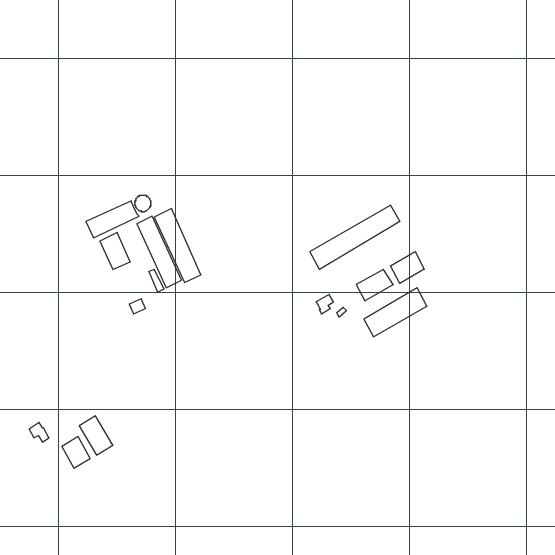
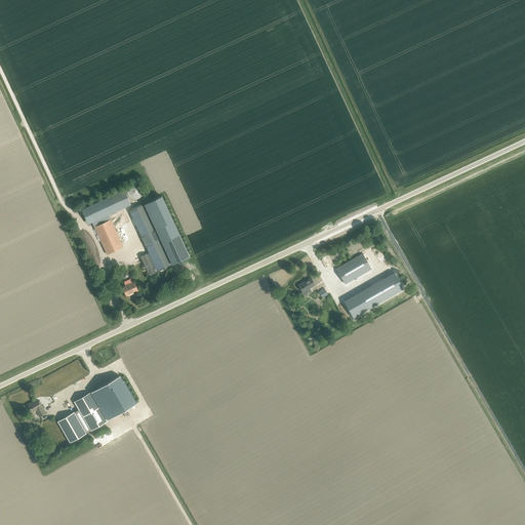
building: [310,205,400,269] -> none
building: [391,252,424,283] -> none
building: none -> [91,374,134,419]

